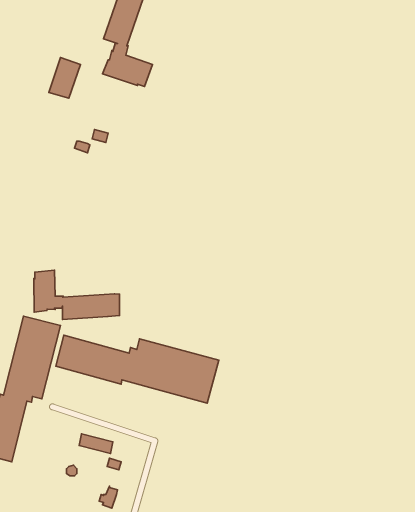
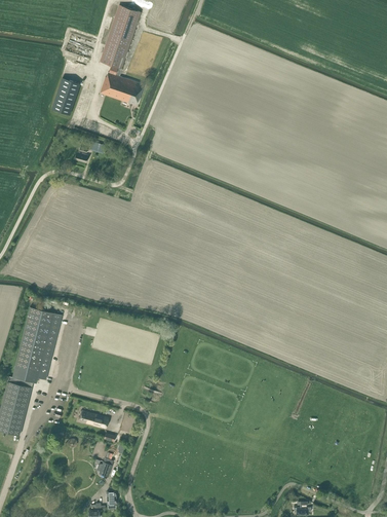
building: [34,270,119,320] -> none
building: [56,335,219,403] -> none

